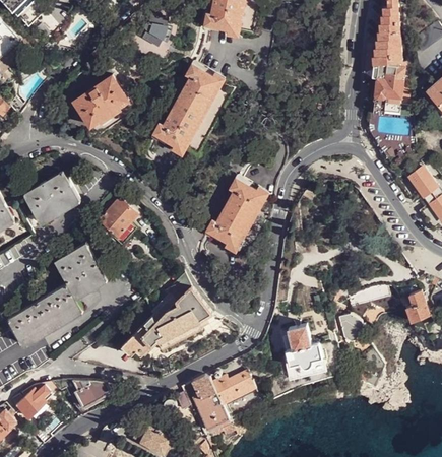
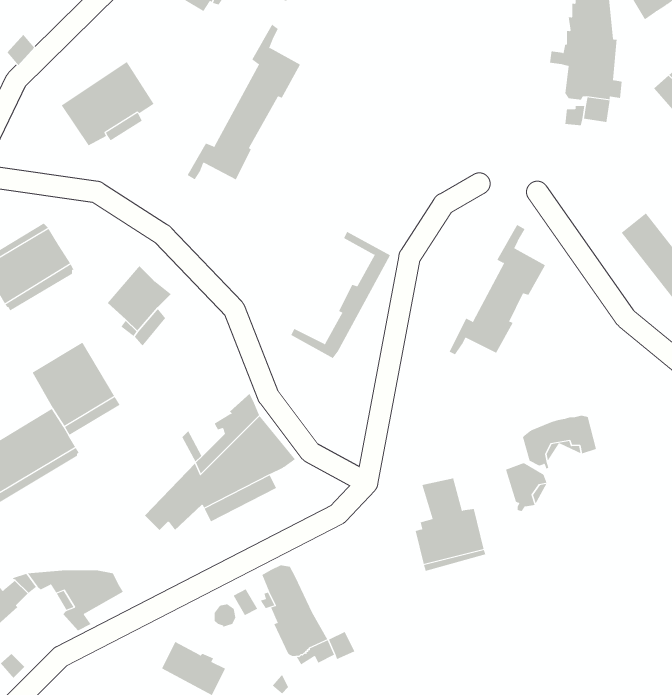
building: [155,62,226,155] -> none
building: [201,167,259,245] -> [449,224,546,355]
building: [407,290,430,320] -> none
building: [212,371,256,404] -> none

